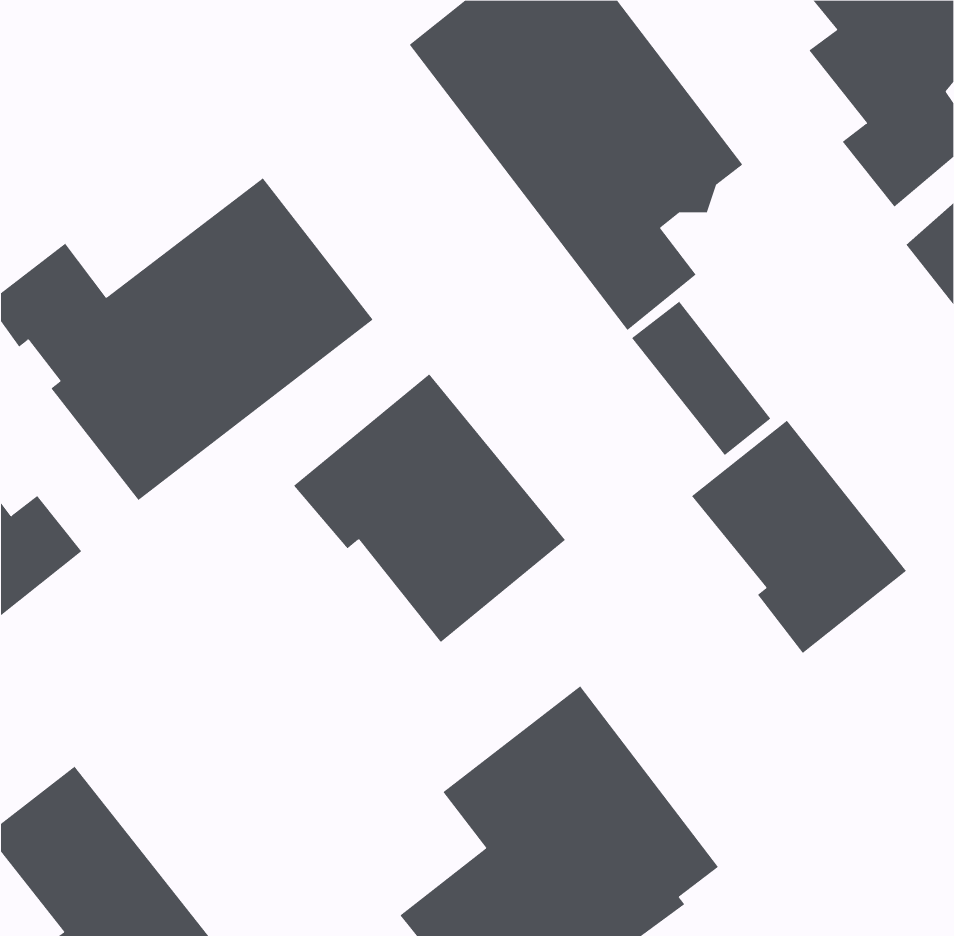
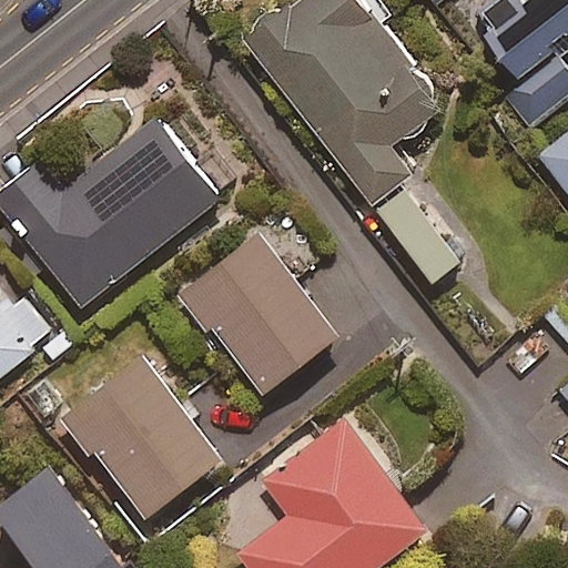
building: [691,420,907,654] -> none
building: none -> [64,356,219,516]

